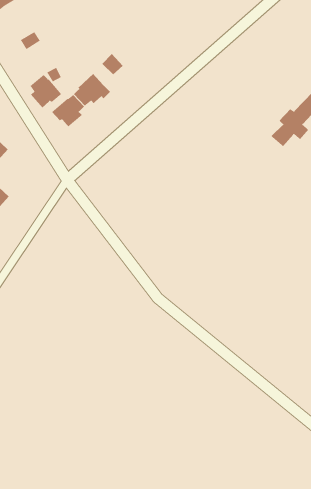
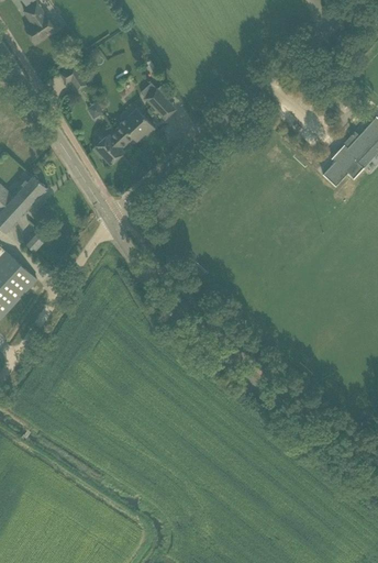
building: [29,74,62,109] -> none

